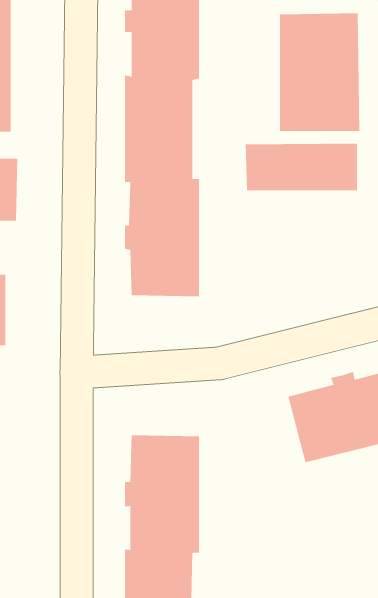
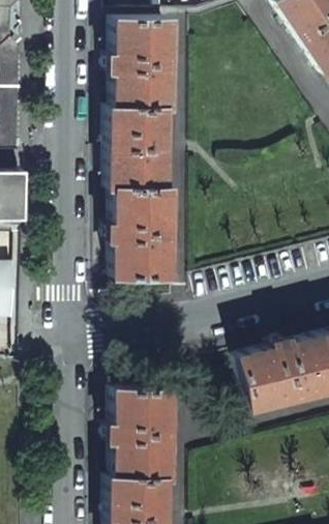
building: [279,13,360,132] -> none
building: [245,143,357,191] -> none

